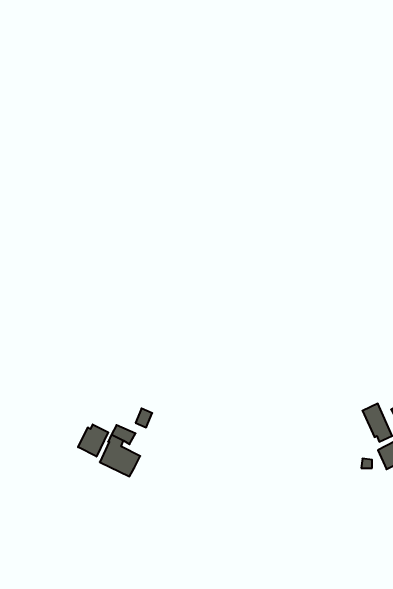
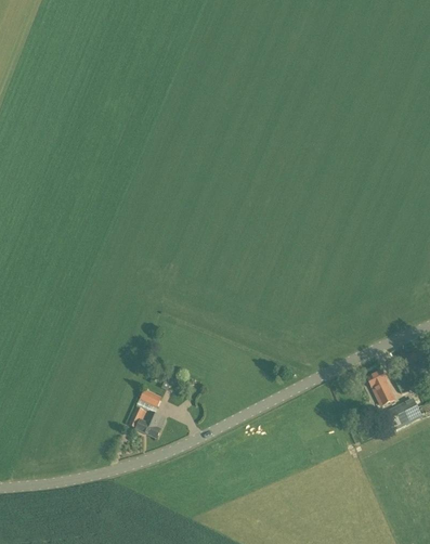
building: [78,424,108,457] -> none

